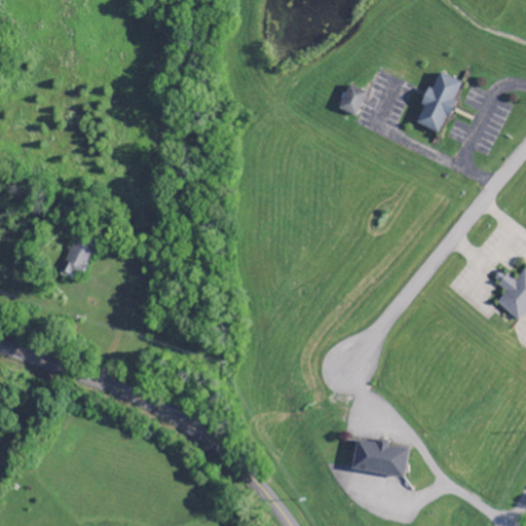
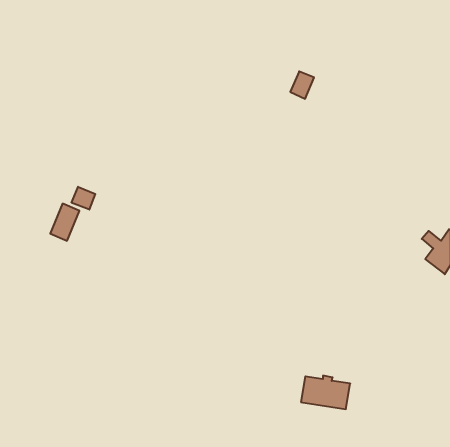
building: [415,70,463,133] -> none
building: none -> [72,187,95,210]

